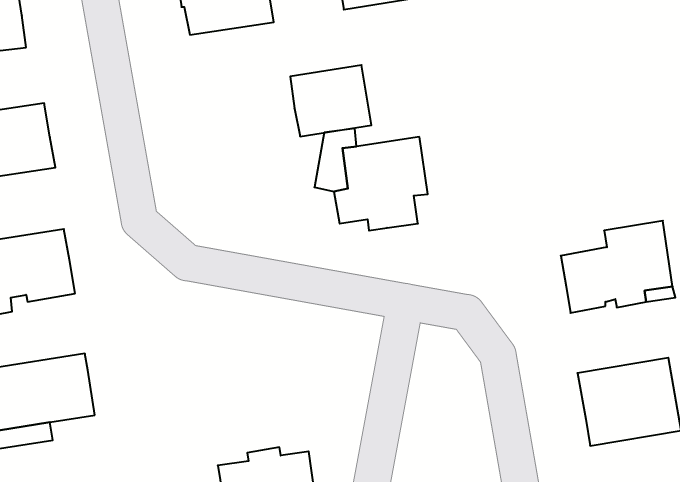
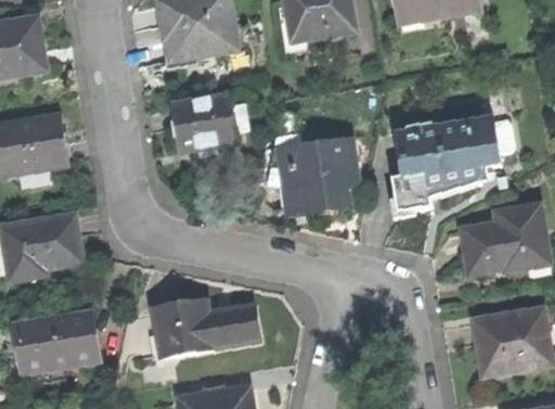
building: [290,65,371,136] -> [172,95,235,151]
building: none -> [392,118,500,212]
building: none -> [153,298,260,356]

